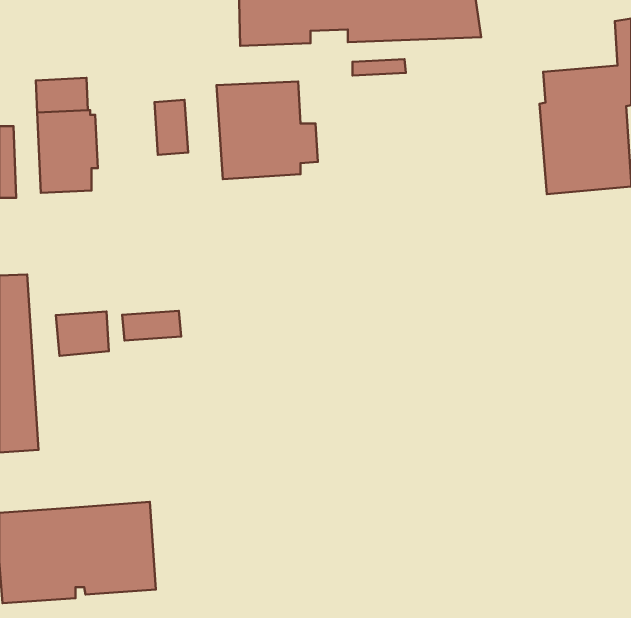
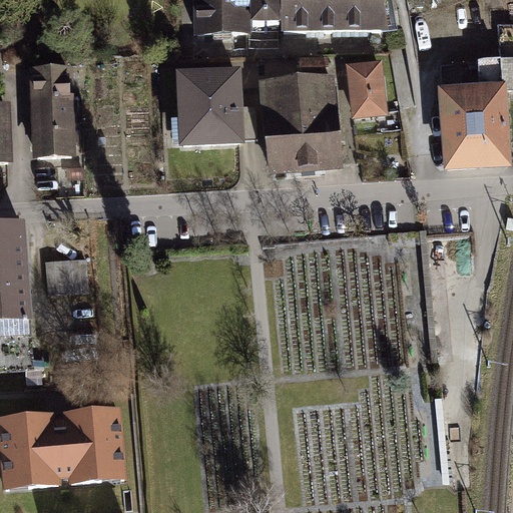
building: none -> [347,57,388,114]
building: none -> [259,74,343,171]
building: [154,100,188,155] -> none
building: [122,311,181,341] -> none

